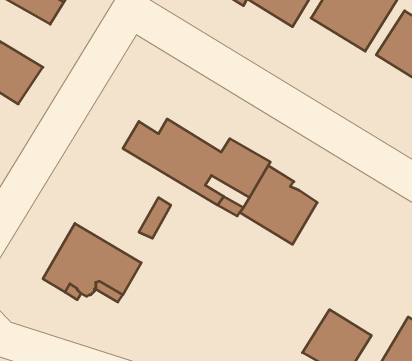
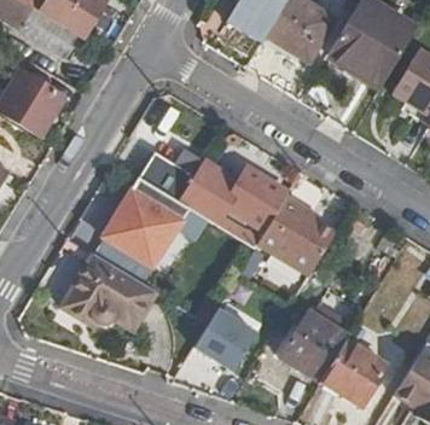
building: none -> [101,191,179,266]
building: none -> [203,305,248,351]
building: none -> [278,313,347,383]

